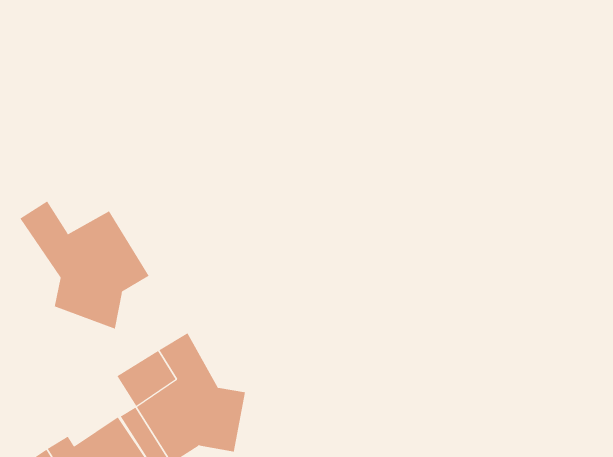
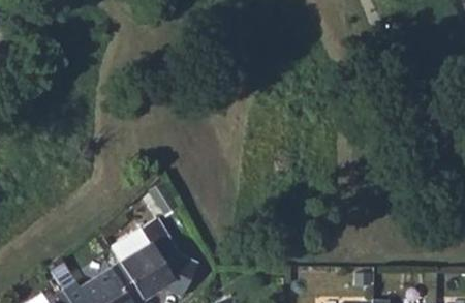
building: [19,200,150,330] -> none

